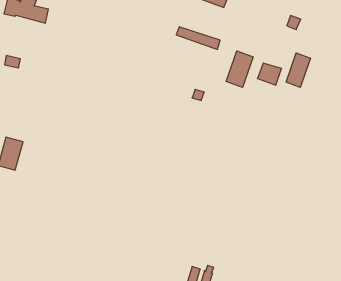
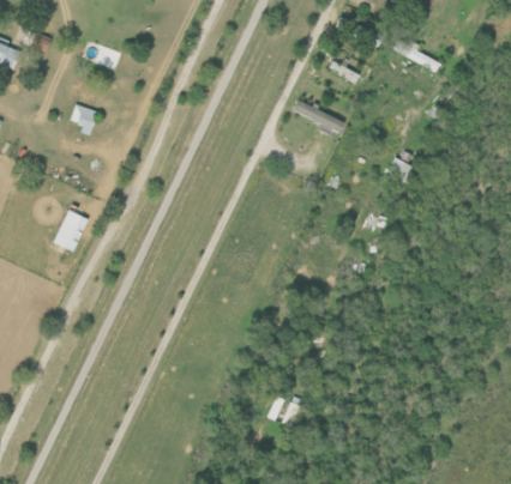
building: [226,51,253,87] -> none
building: [286,53,310,87] -> none

